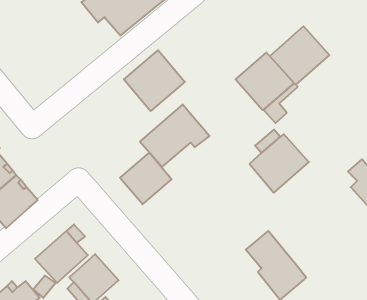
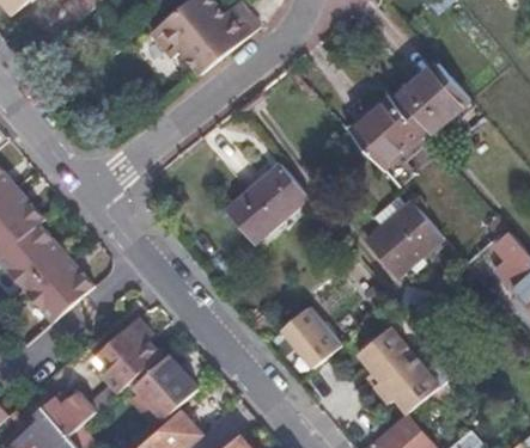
building: [124,50,185,111] -> none
building: [120,153,172,204] -> none
building: none -> [279,306,341,369]

